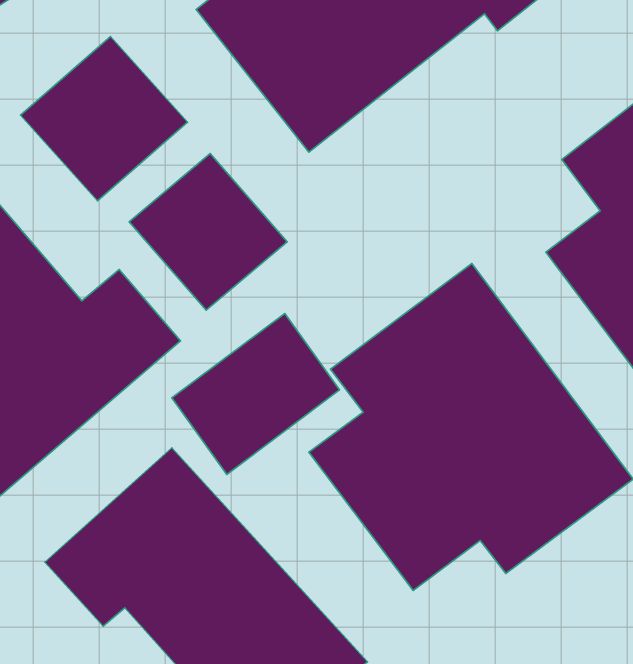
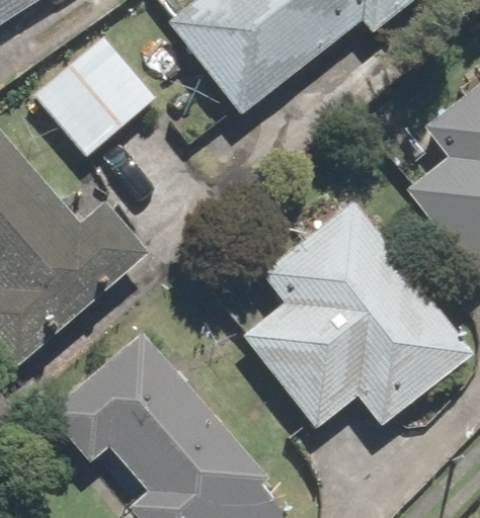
building: [129,153,287,310] -> none
building: [172,313,340,474] -> none

